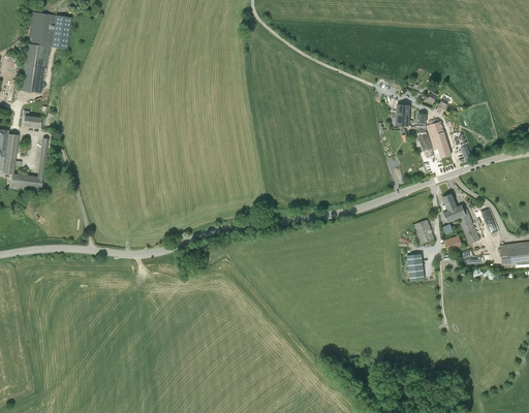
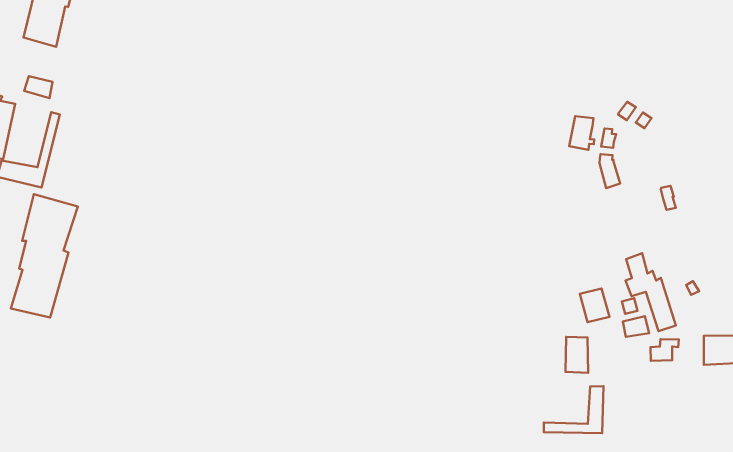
building: [426,118,449,157] -> none
building: none -> [11,194,78,317]
building: none -> [544,386,603,433]

